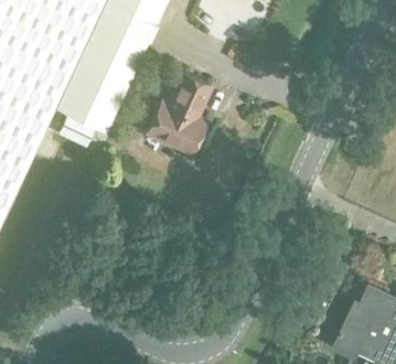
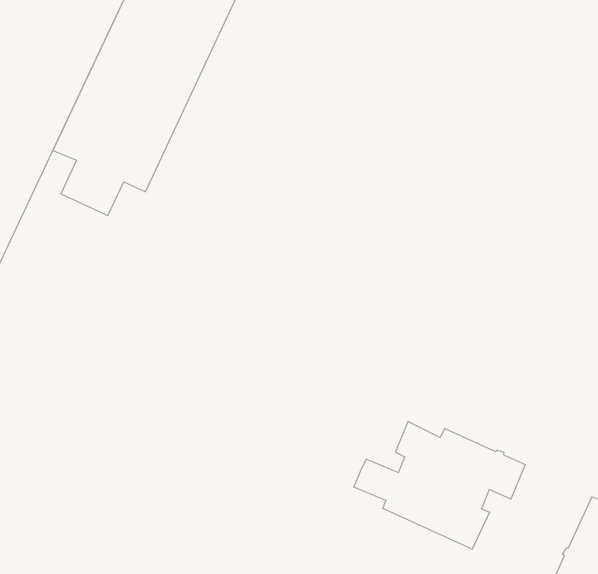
building: [147,72,211,153] -> none
building: none -> [354,421,525,549]

